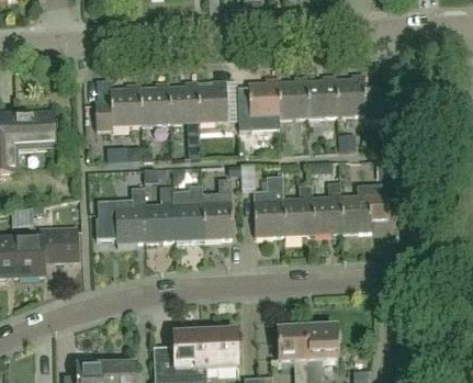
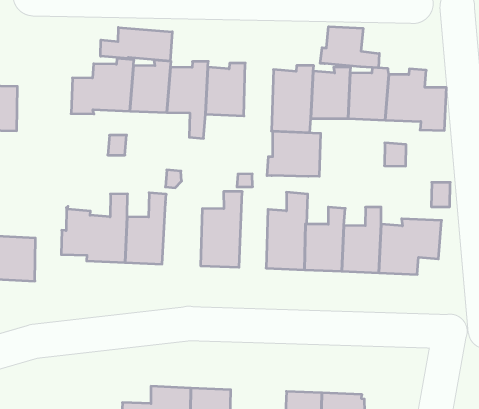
building: none -> [320,27,379,68]
building: none -> [101,27,172,61]
building: none -> [267,131,321,176]
building: [173,187,204,239] -> none

